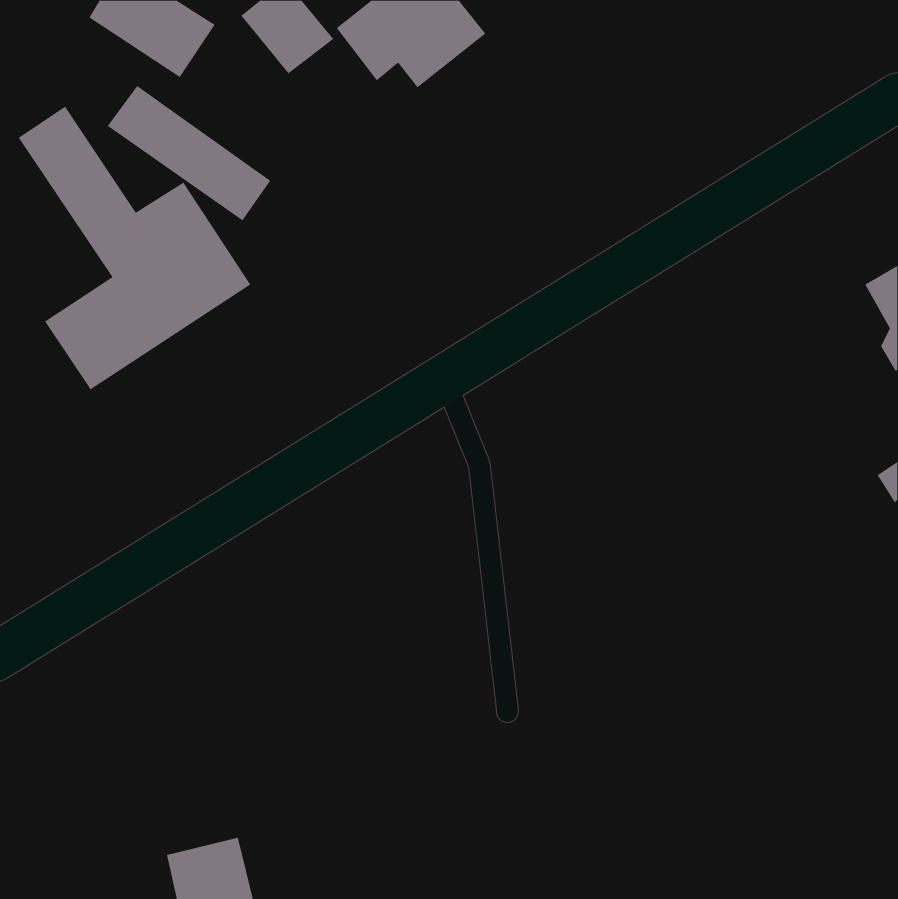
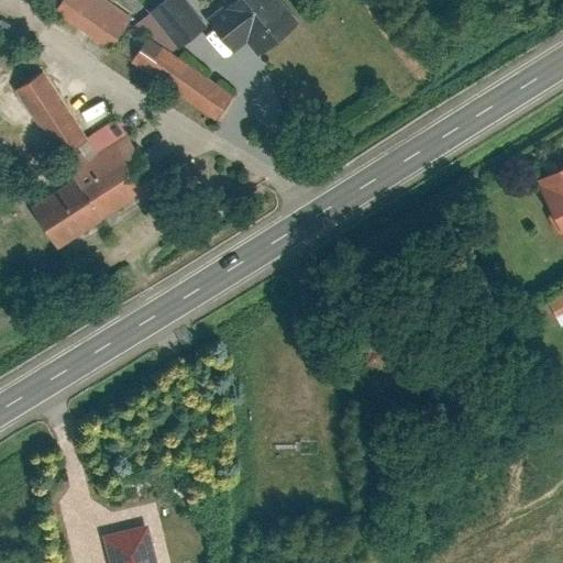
building: [107,85,271,221] -> [131,36,233,121]

